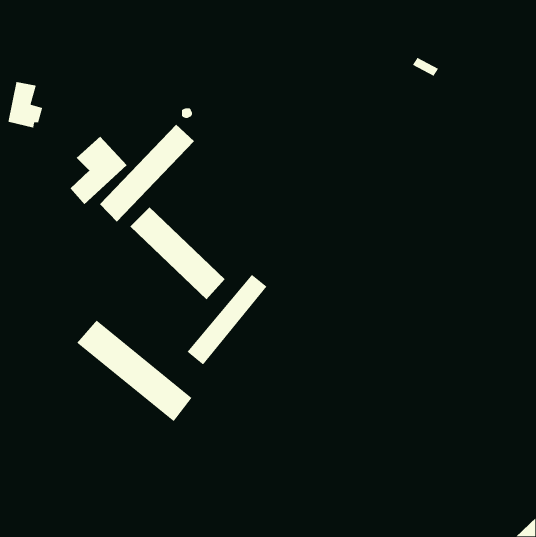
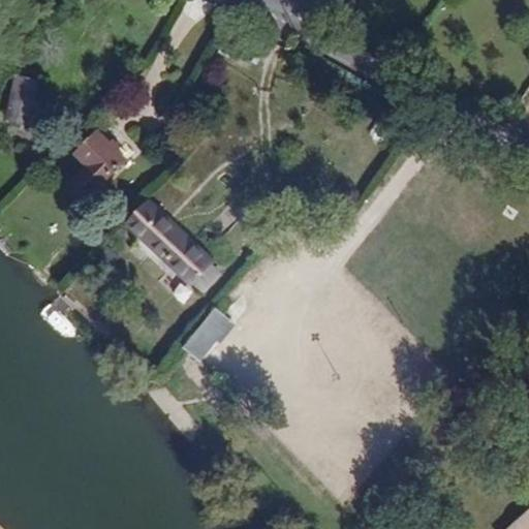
building: [99,124,195,222] -> none
building: [76,320,193,422] -> none

